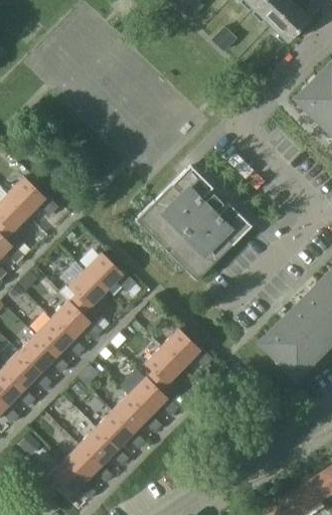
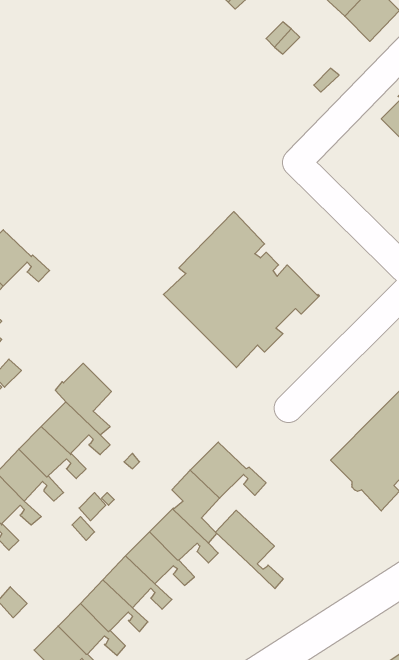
building: [82,252,136,293] -> none
building: none -> [215,510,283,589]

